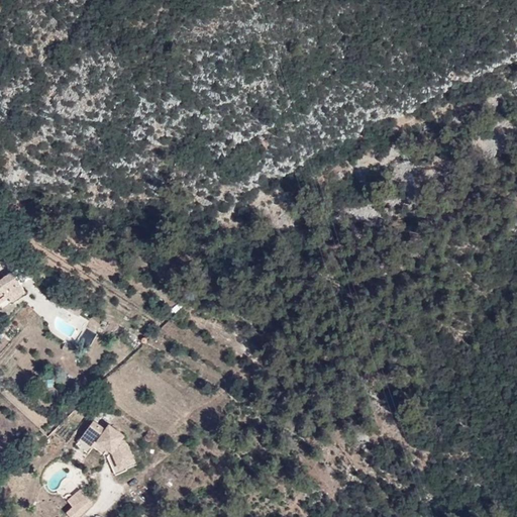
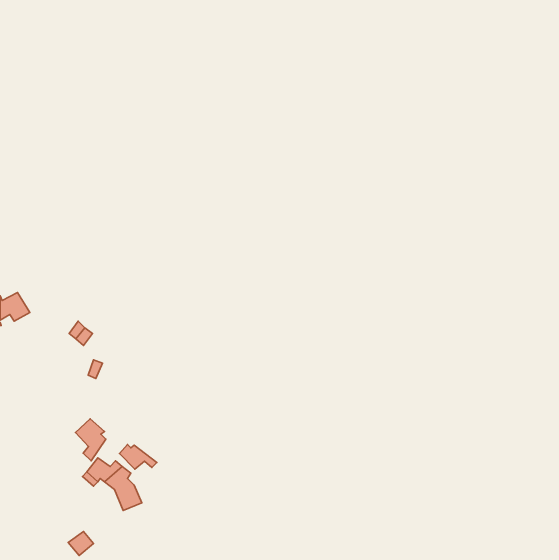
building: none -> [76,419,106,461]
building: none -> [119,444,157,469]

